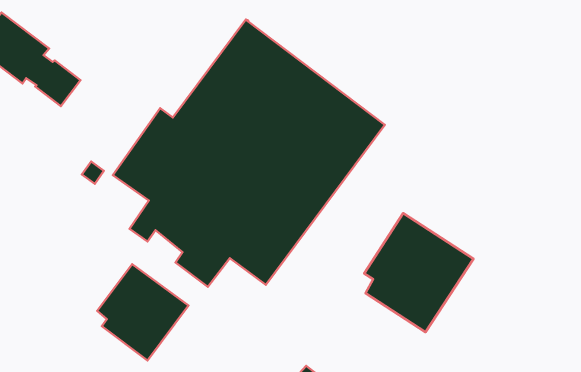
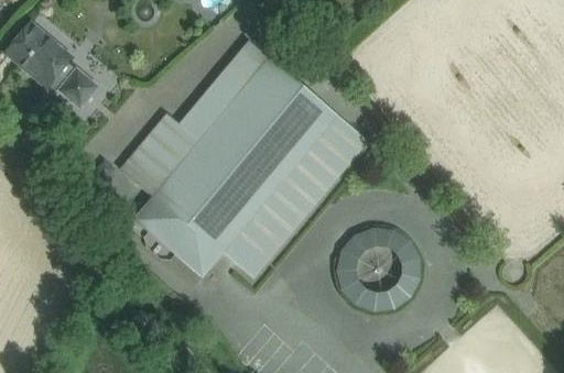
building: [97,264,189,361] -> none

